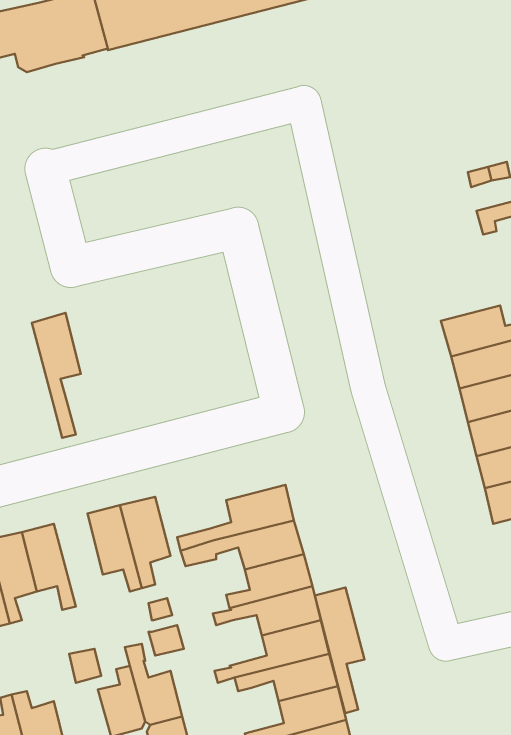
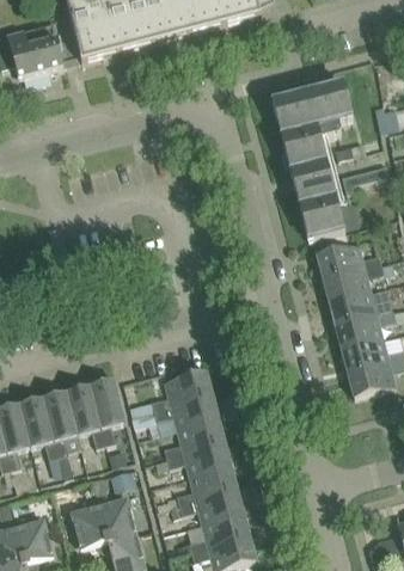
building: none -> [277,82,354,239]
building: [32,313,81,438] -> [43,389,78,478]
building: [315,587,365,713] -> none

